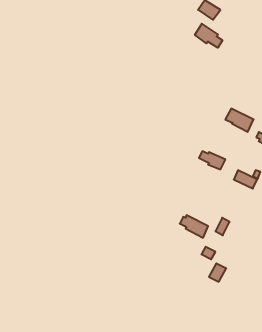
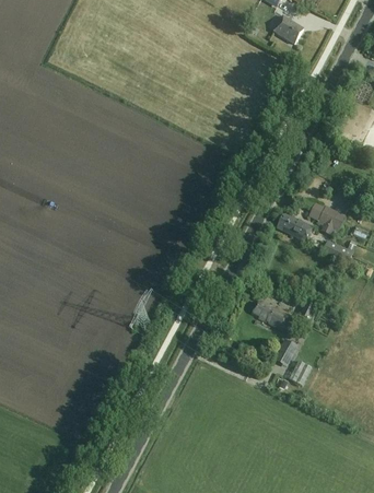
building: [195,24,222,48] -> none
building: [225,109,254,132] -> [308,201,346,232]

